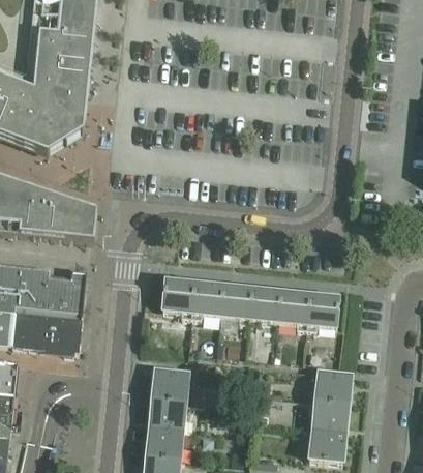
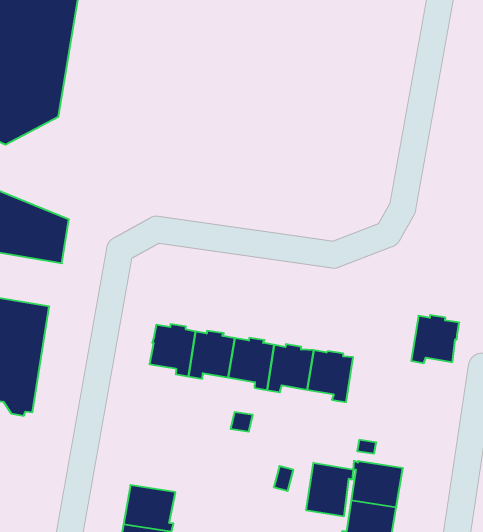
building: [305,292,338,327] -> [411,315,459,363]
building: [152,366,190,400] -> none
building: none -> [306,463,353,516]

